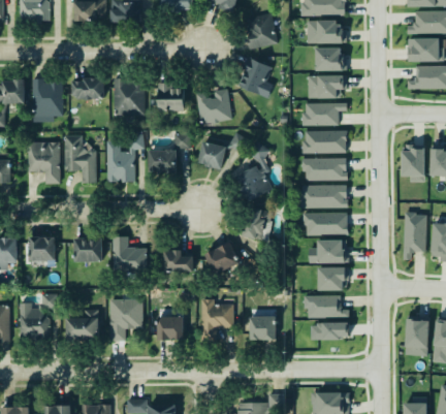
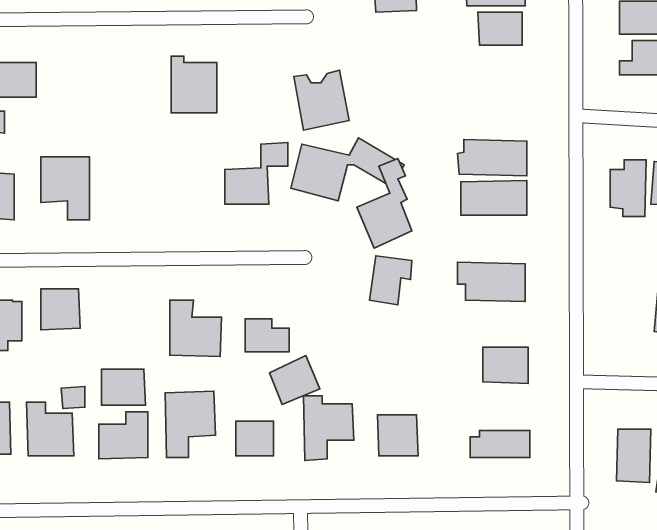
building: [237,54,283,95] -> none
building: [71,72,104,95] -> none
building: [30,73,63,123] -> none
building: [308,75,347,99] -> none
building: [157,83,184,112] -> none
building: [300,103,346,126] -> none
building: [62,132,95,181] -> none
building: [106,134,144,182] -> none
building: [300,182,347,209] -> none
building: [402,211,425,258] -> none
building: [72,232,101,256] -> [101,369,145,405]
building: [307,240,348,265] -> none
building: [205,243,238,275] -> [270,356,320,404]
building: [304,294,349,319] -> none

